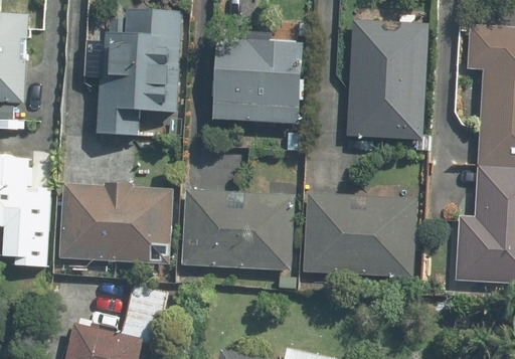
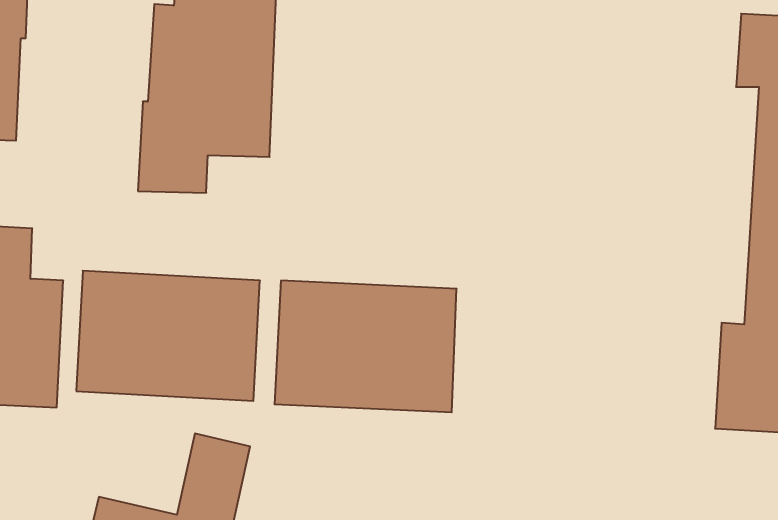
building: [346,19,427,140] -> none
building: [212,35,304,124] -> none
building: [301,193,415,278] -> none

